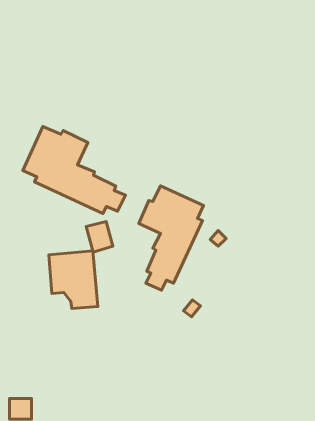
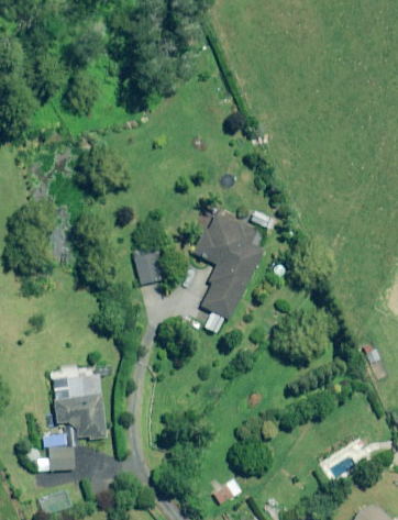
building: [23,126,125,213] -> none
building: [49,251,98,308] -> [52,374,106,438]

